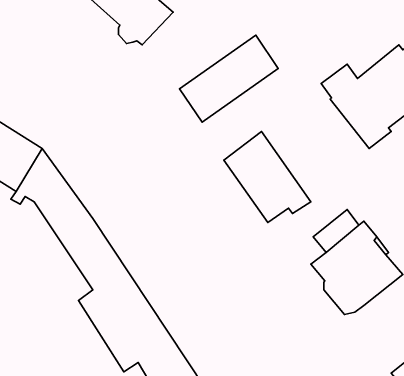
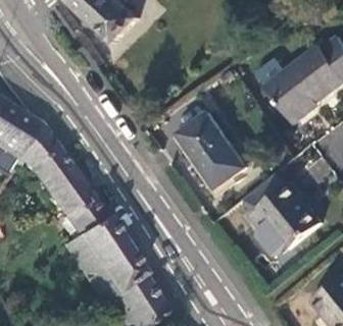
building: [180,35,278,122] -> none

